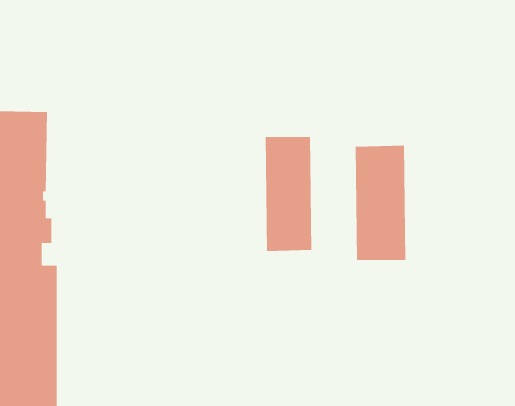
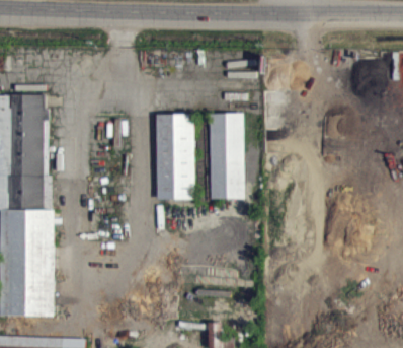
building: [355,145,406,260] -> [157,114,195,200]

